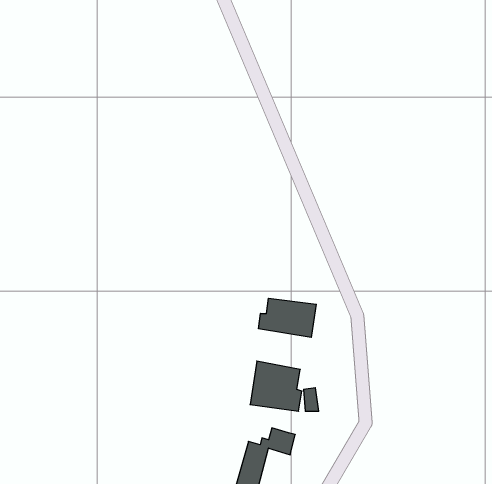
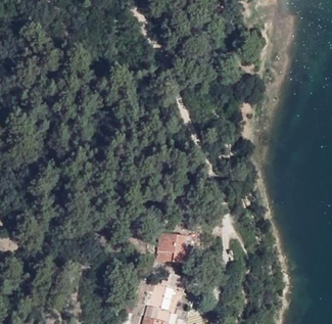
building: [259,298,316,337] -> none

